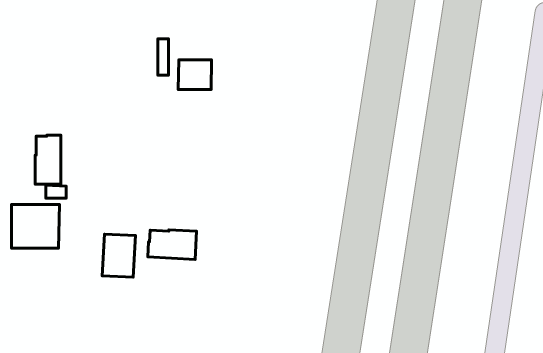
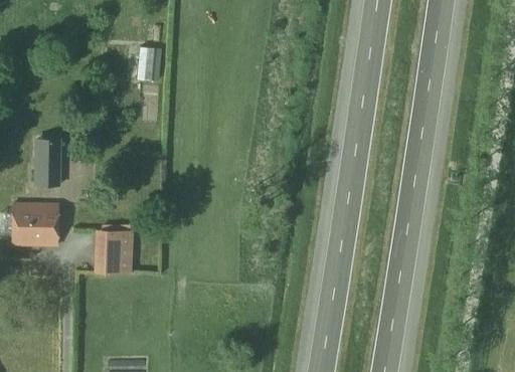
building: [178,60,211,90] -> none
building: [148,230,197,259] -> none

